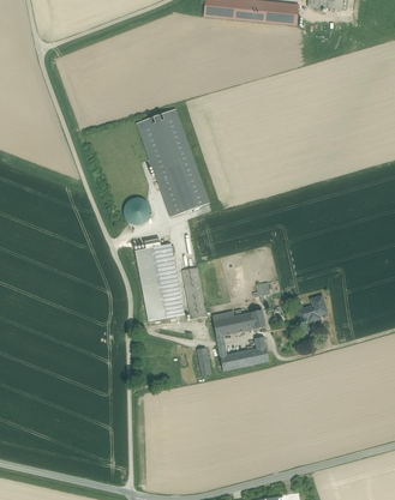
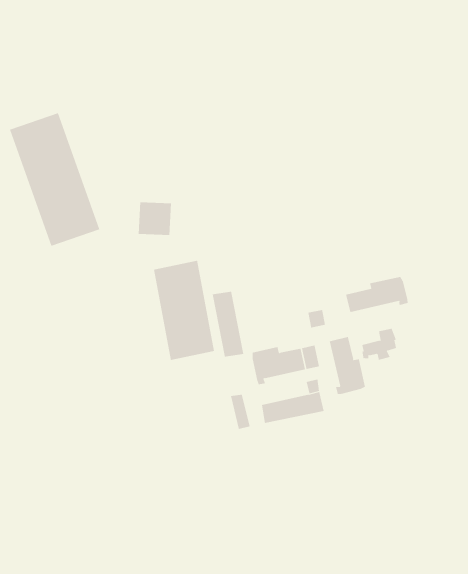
building: [138,110,209,215] -> [9,112,100,246]
building: none -> [346,276,408,313]
building: none -> [329,336,366,395]

